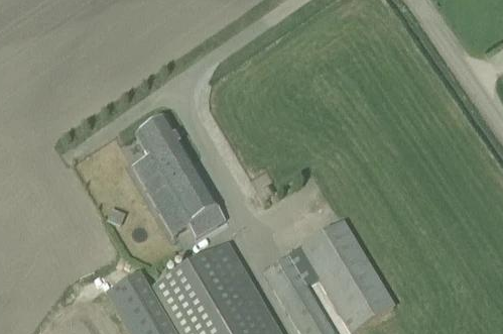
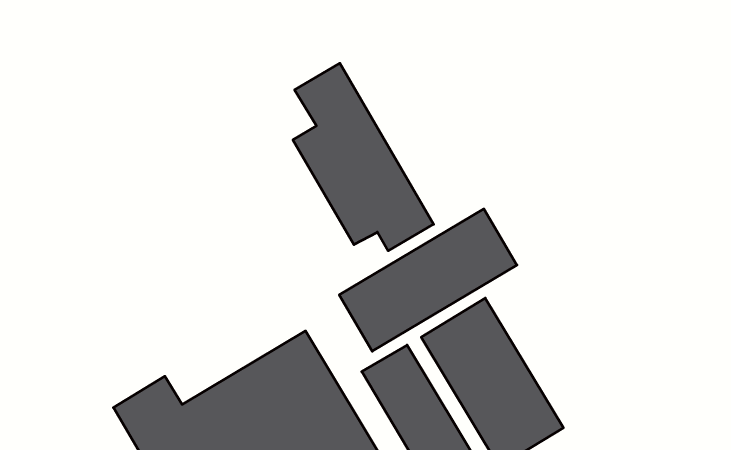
building: [134,113,225,234] -> [293,63,434,251]
building: none -> [339,209,517,351]

